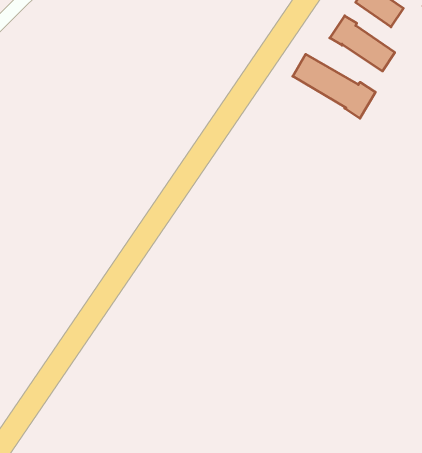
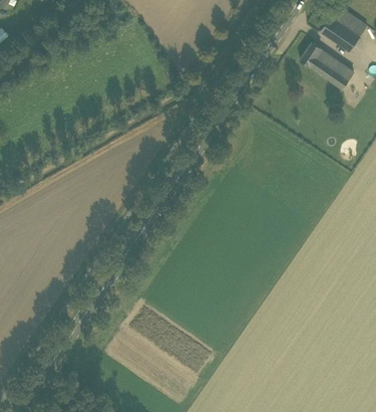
building: [293,54,375,118] -> none

